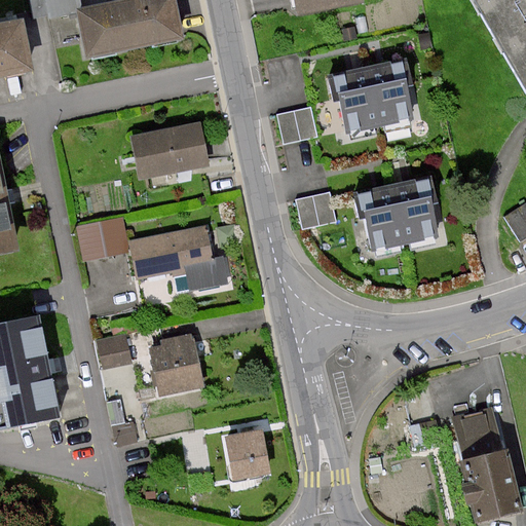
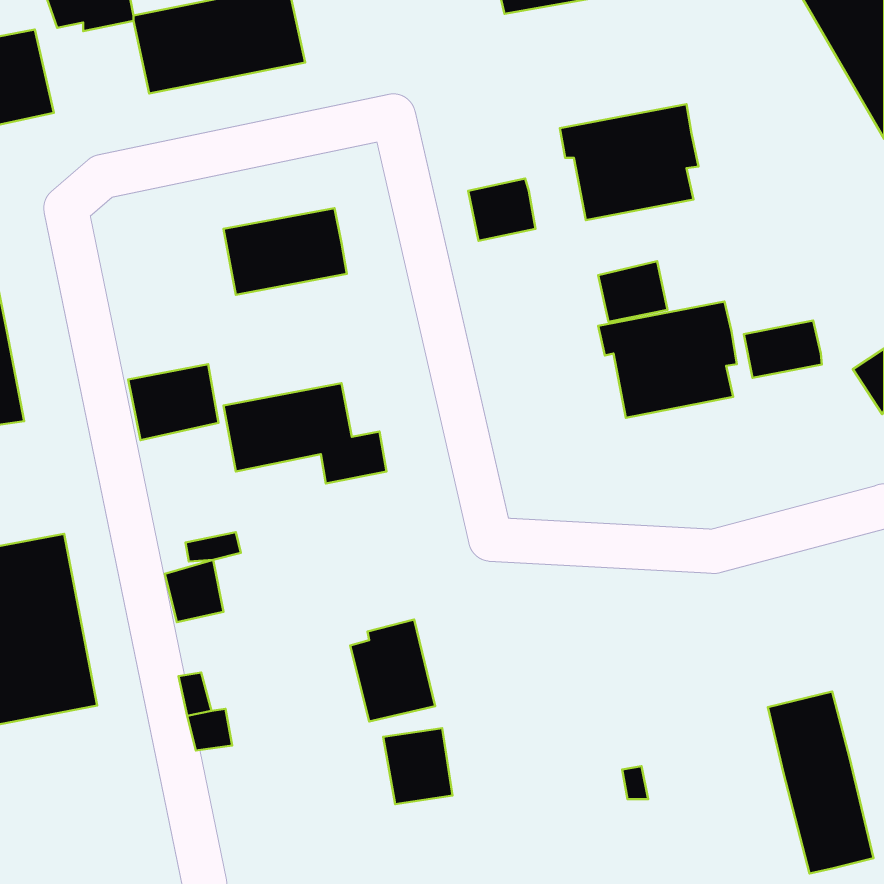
building: none -> [744,321,822,378]
building: [295,192,336,228] -> [598,261,667,322]
building: [151,333,201,393] -> [350,619,435,722]

